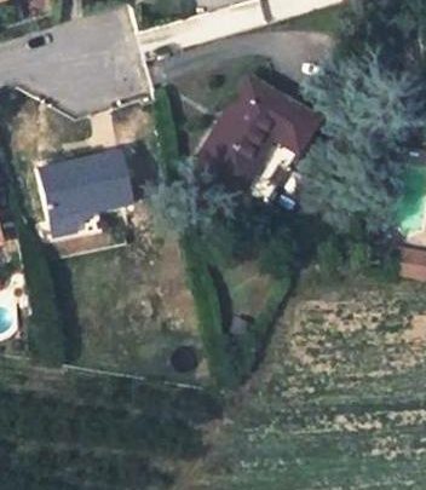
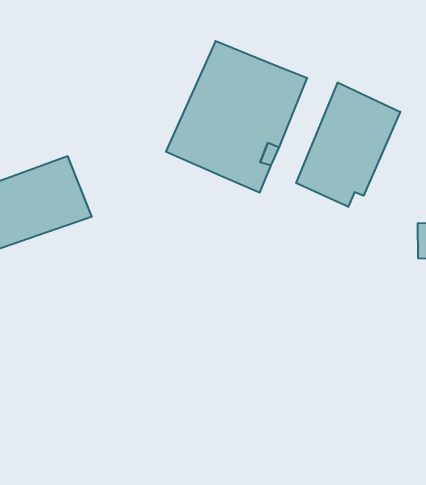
building: none -> [296,82,400,207]

